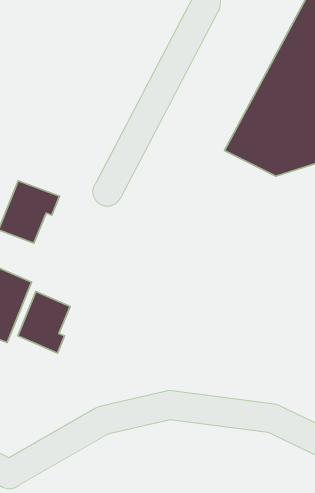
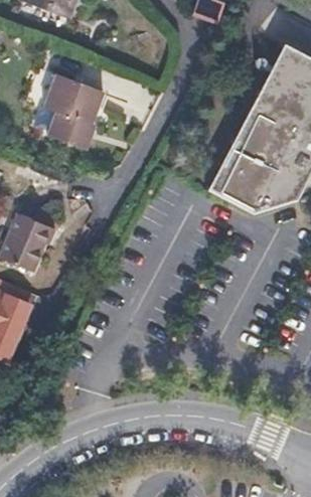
building: none -> [42,71,105,149]
building: [18,291,70,353] -> none

